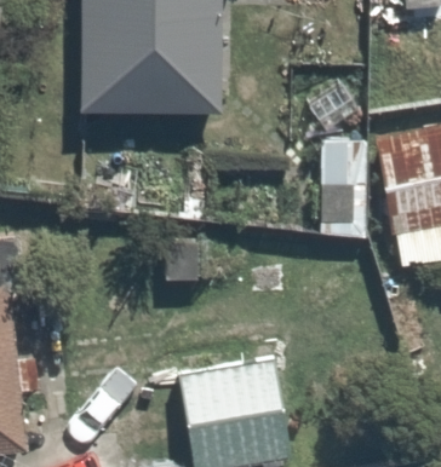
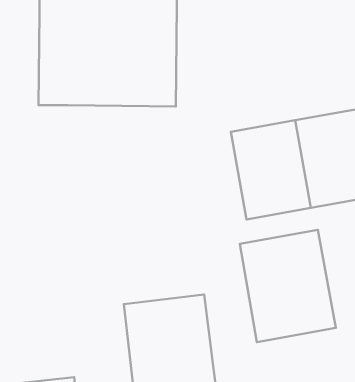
building: none -> [240,230,336,342]

